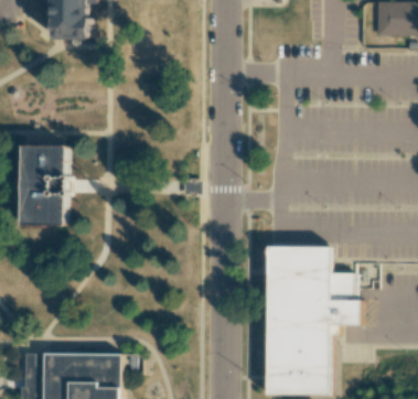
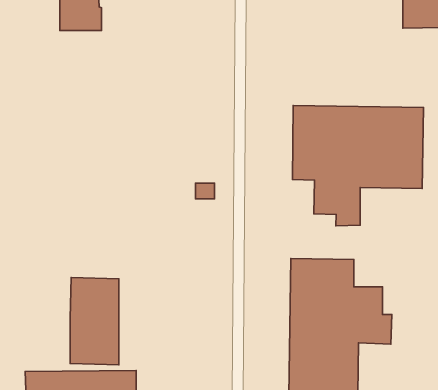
building: none -> [292,106,423,226]
building: [24,145,69,226] -> [70,278,119,365]

